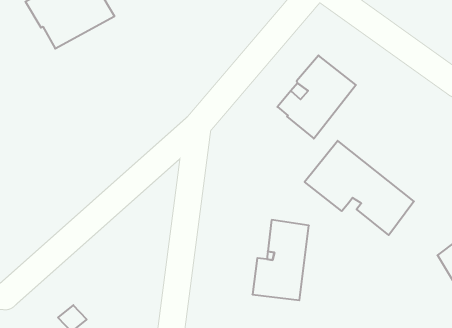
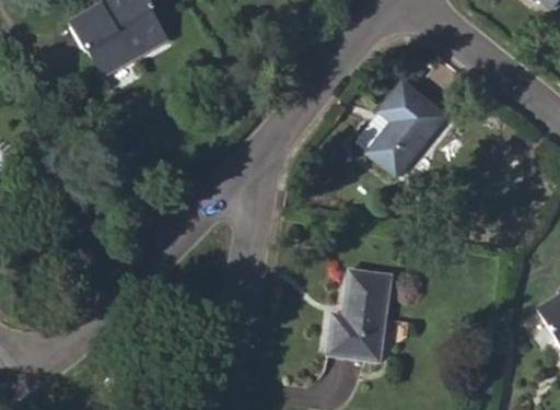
building: [305,141,414,235] -> none

